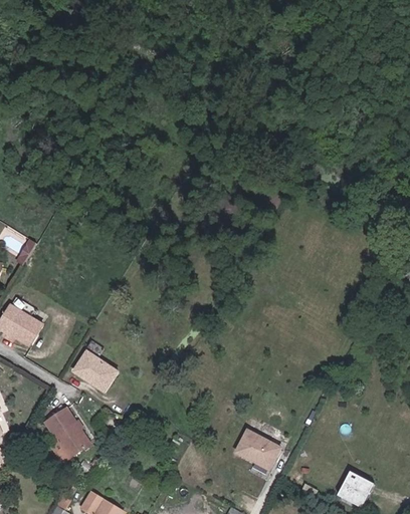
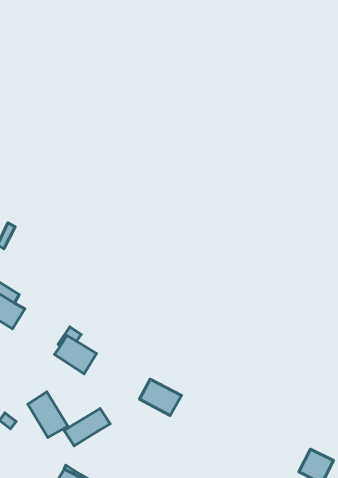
building: [234,427,278,465] -> [140,379,182,415]
building: none -> [64,409,110,446]

